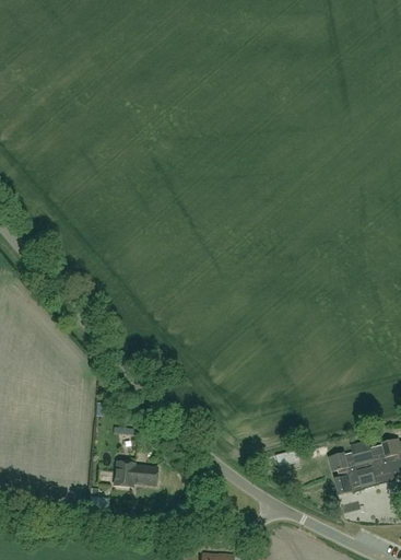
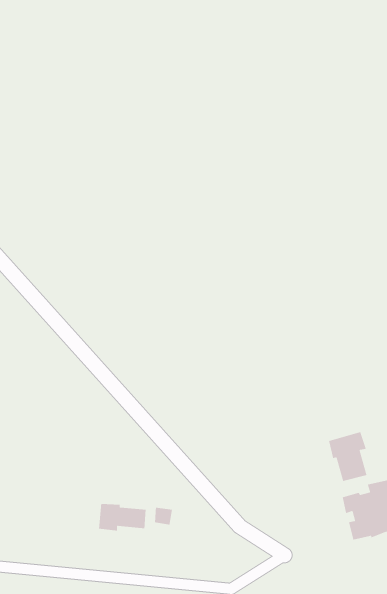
building: none -> [328,431,367,482]

